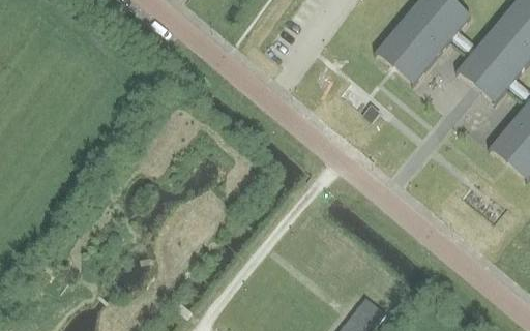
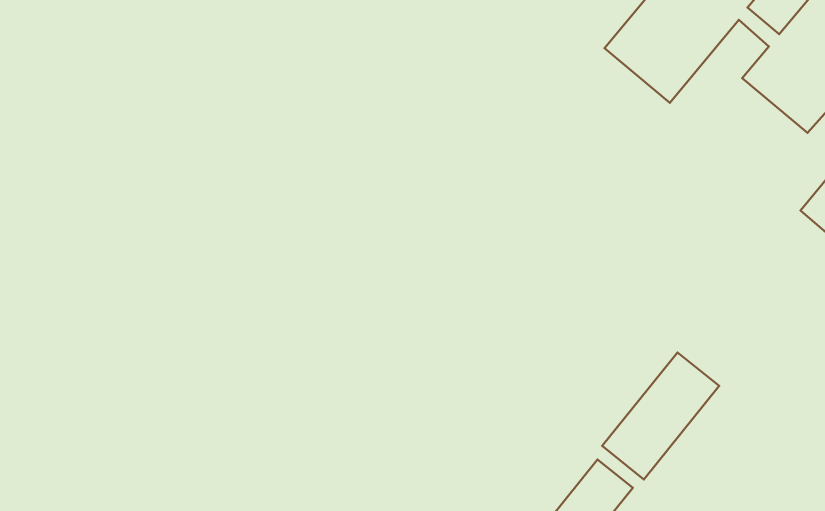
building: none -> [602,352,719,480]

